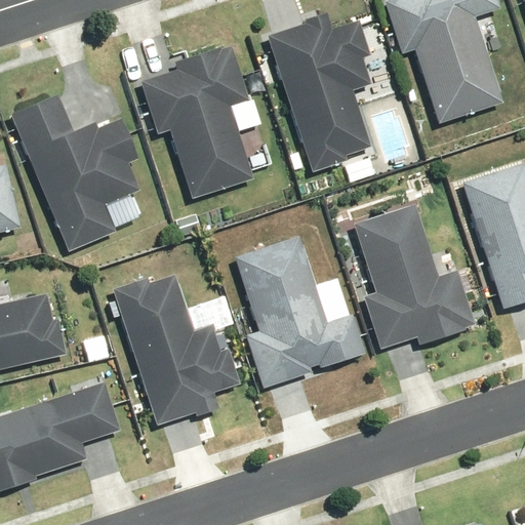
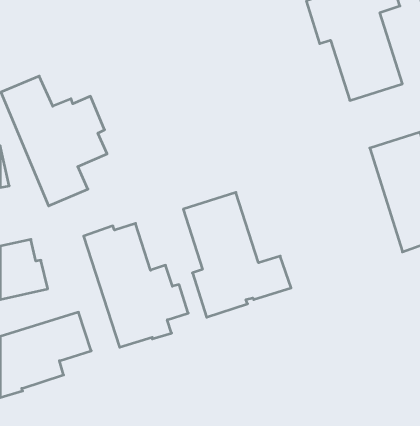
building: [268,12,371,172] -> none
building: [140,45,253,199] -> none
building: [353,204,475,350] -> none

